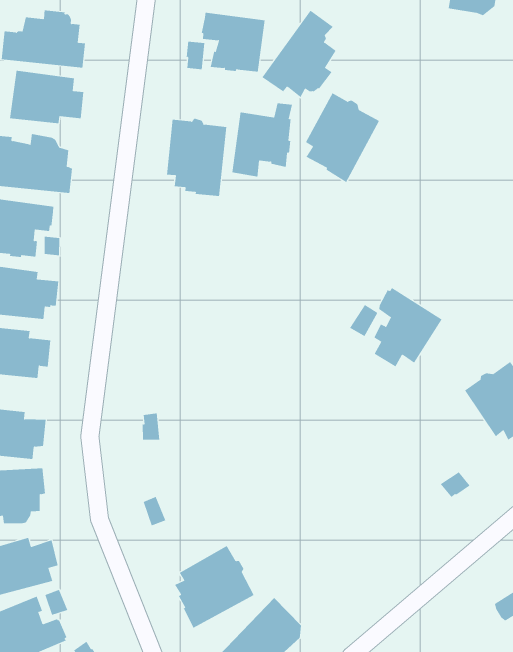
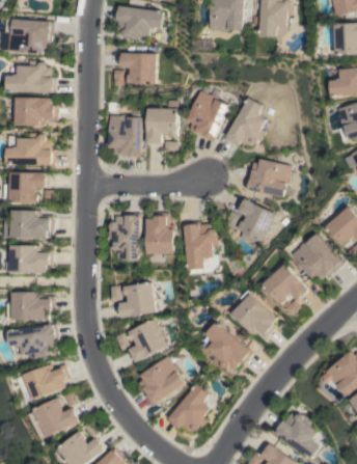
building: [261,10,337,98] -> [223,97,265,147]
building: none -> [243,159,290,196]
building: none -> [108,213,139,261]
building: none -> [145,213,173,253]
building: none -> [183,221,217,274]
building: none -> [262,263,307,305]
building: none -> [118,281,156,318]
building: none -> [230,290,275,337]
building: none -> [128,319,166,362]
building: none -> [204,321,251,369]

